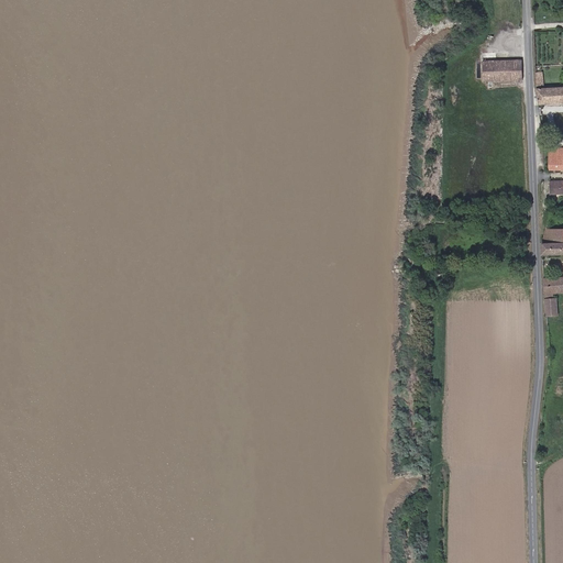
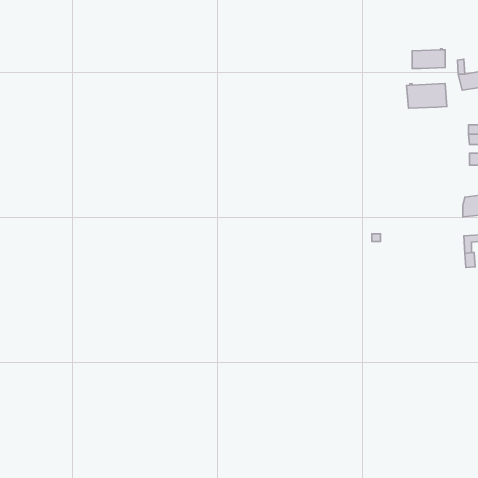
building: none -> [407,84,447,108]

